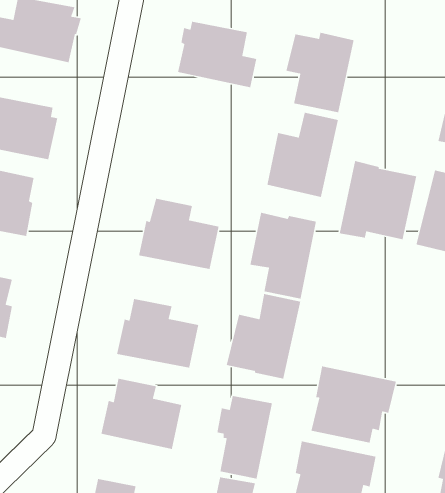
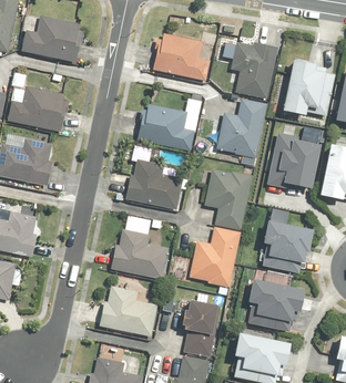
building: none -> [285,56,336,116]
building: none -> [139,97,200,153]
building: none -> [262,218,316,273]

